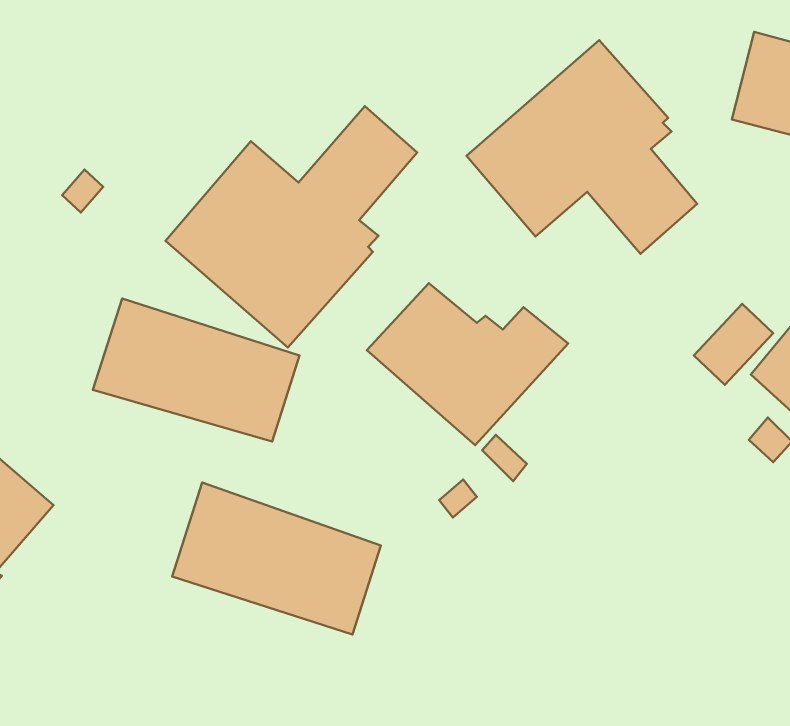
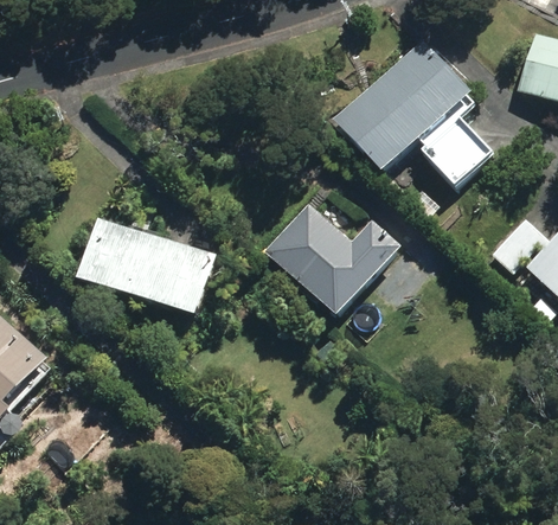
building: [165,106,417,348] -> none
building: [172,482,381,634] -> none

